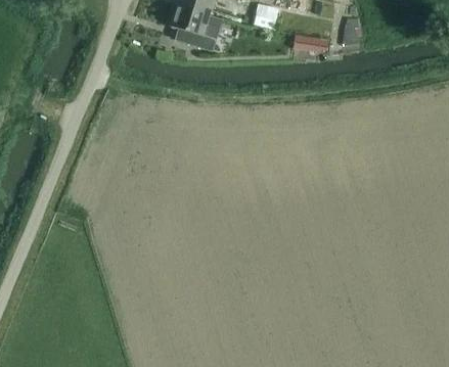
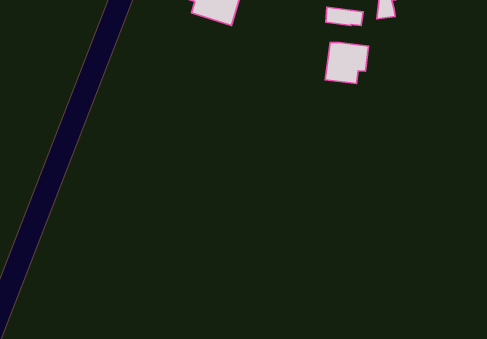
building: none -> [325,43,369,83]

